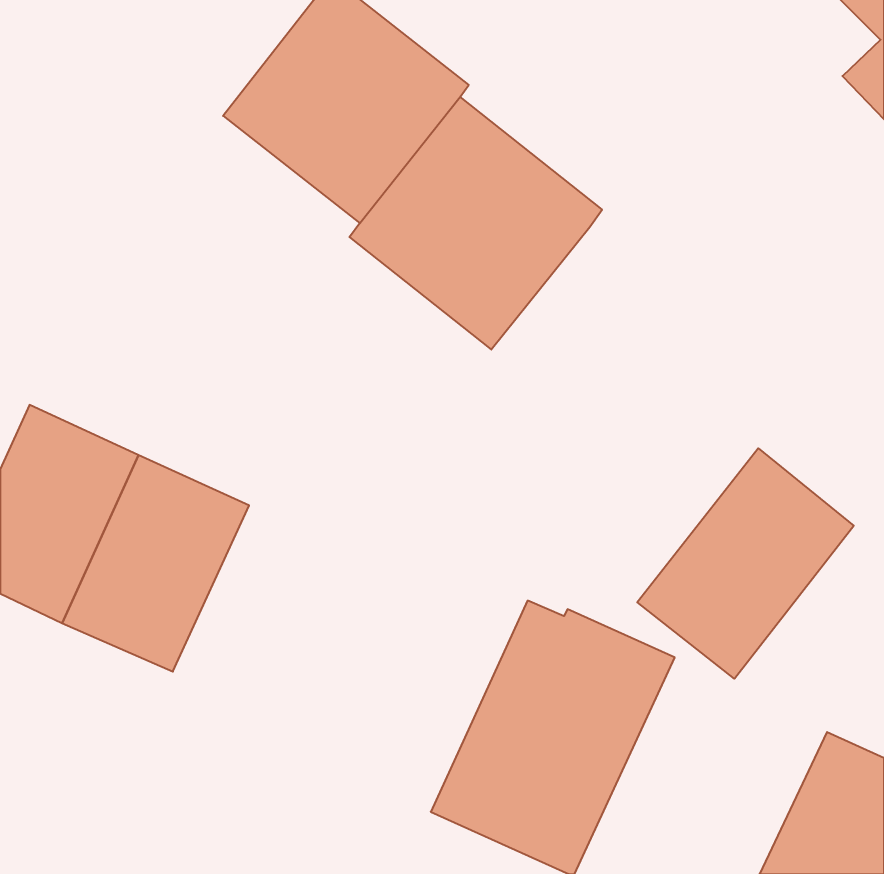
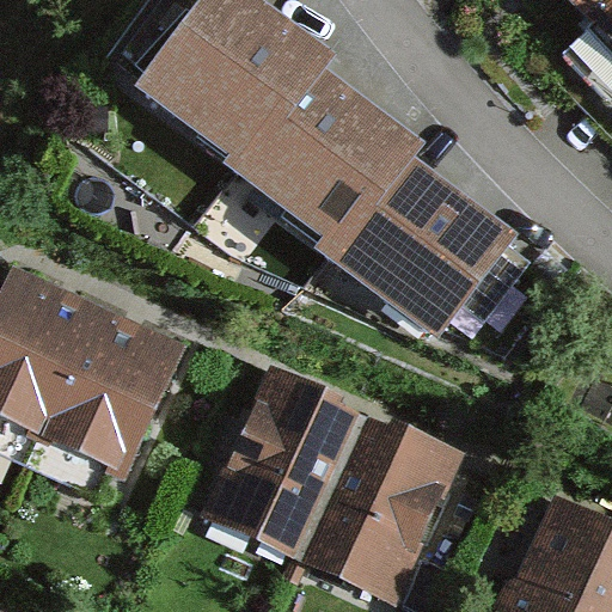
building: none -> [333,157,508,329]
building: [637,448,854,679] -> none
building: none -> [201,363,365,561]

